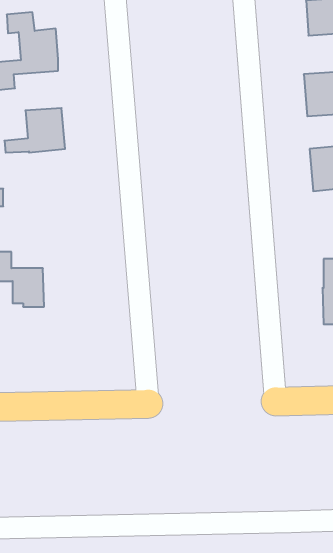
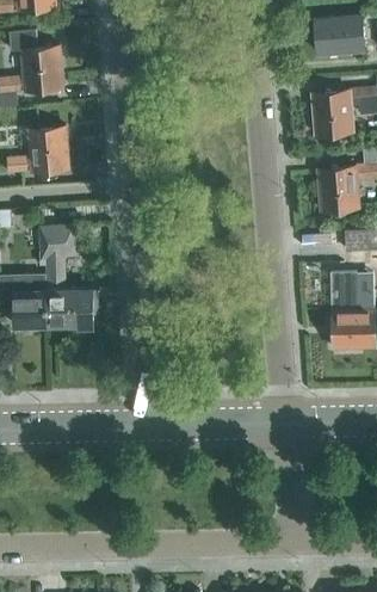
building: none -> [39,226,94,331]

